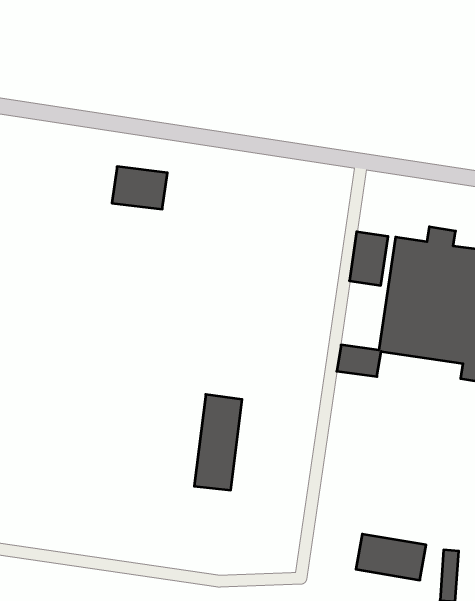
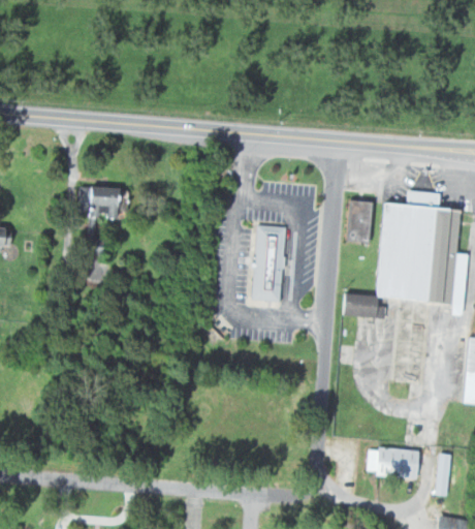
building: [112,167,167,209] -> [81,186,124,218]
building: [194,394,242,490] -> [252,224,286,301]

